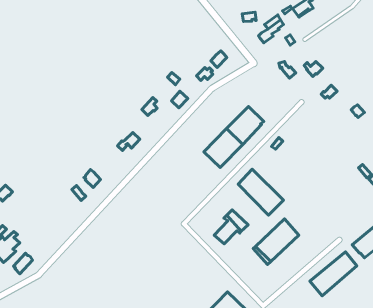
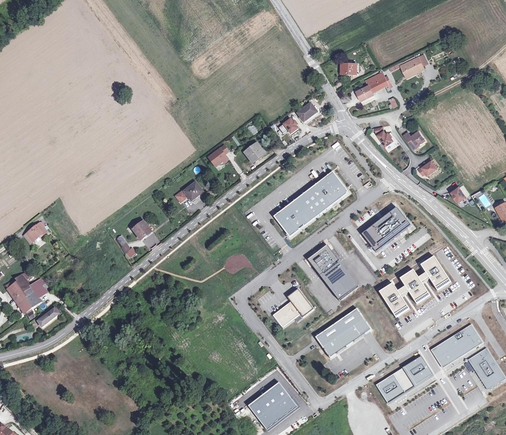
building: none -> [362,206,411,251]
building: none -> [377,255,447,313]

